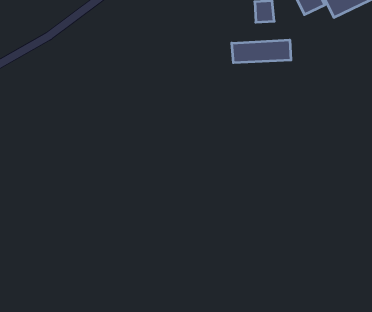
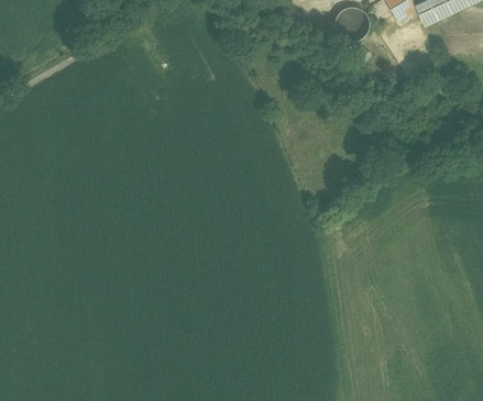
building: [232,40,291,63] -> none

